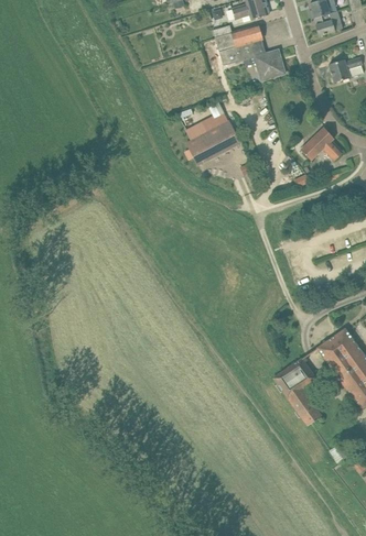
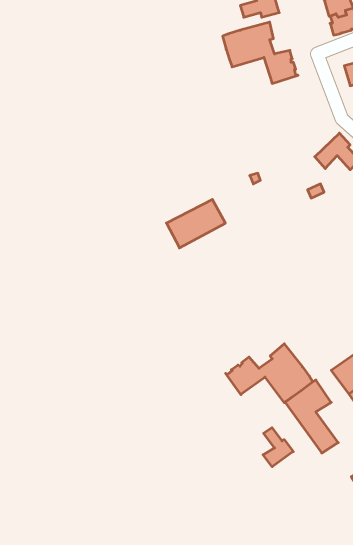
building: [185,120,240,165] -> [166,199,225,248]
building: none -> [226,344,313,403]
building: none -> [263,428,293,467]

